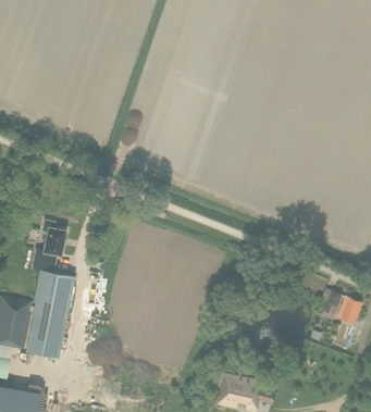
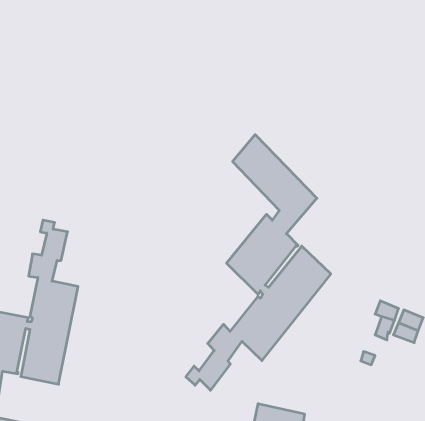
building: none -> [186,135,331,390]

